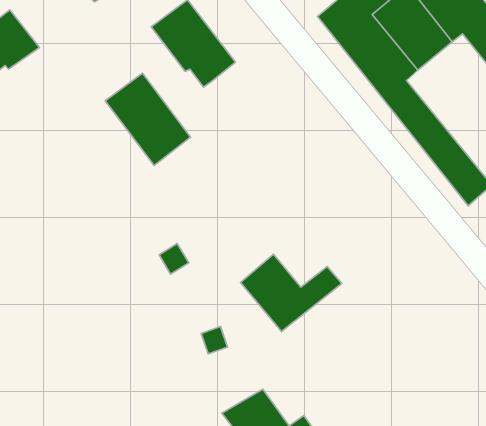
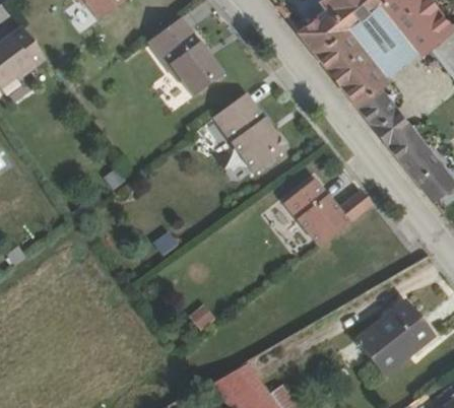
building: [105,73,191,166] -> [212,92,288,175]
building: [240,254,342,331] -> [284,179,375,248]
building: none -> [359,302,436,377]

